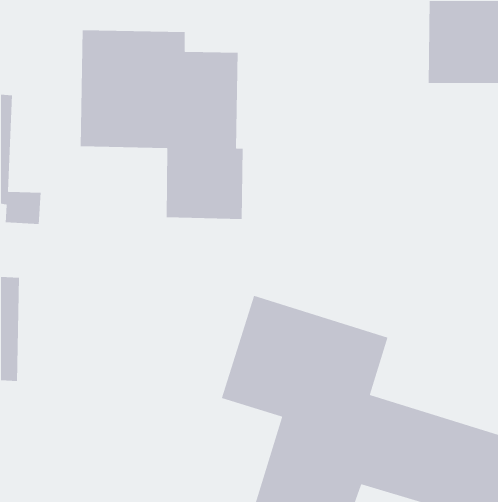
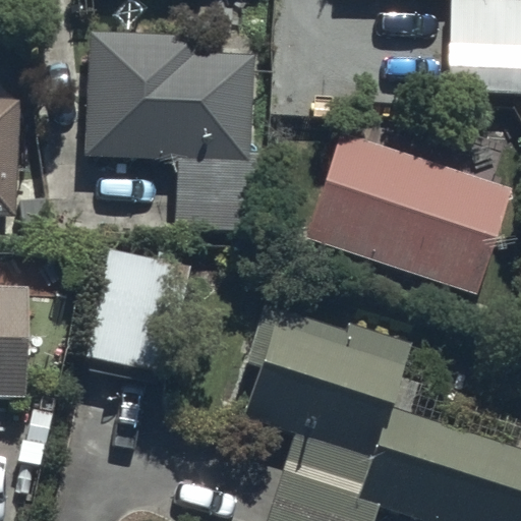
building: none -> [302,131,507,291]
building: none -> [84,246,191,372]

